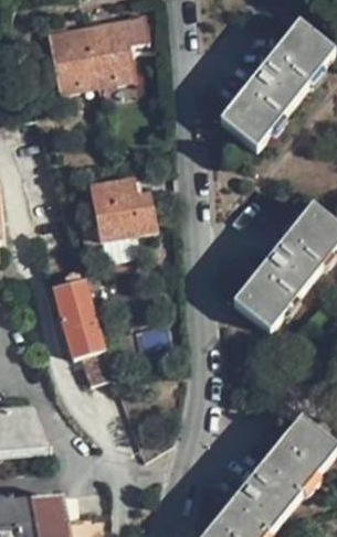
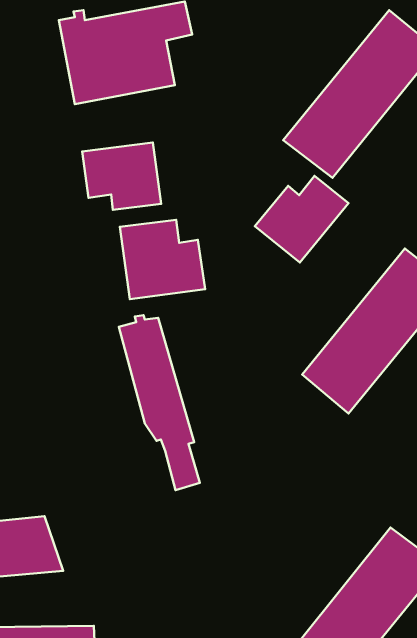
building: none -> [82,142,161,210]
building: none -> [255,176,349,263]
building: [54,276,116,409] -> [119,315,200,490]

